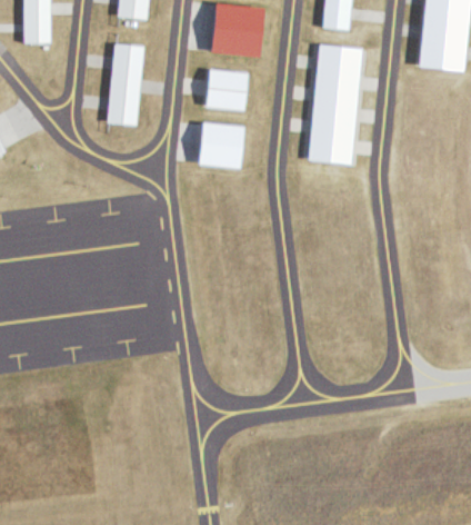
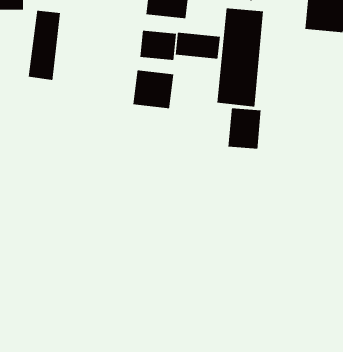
building: [106,37,148,127] -> [28,10,61,80]
building: none -> [175,32,220,59]
building: none -> [228,107,261,150]

